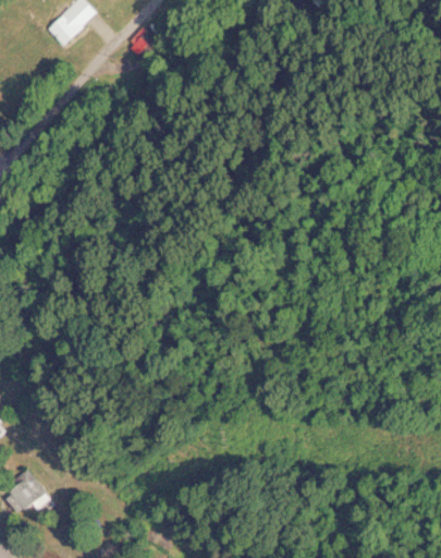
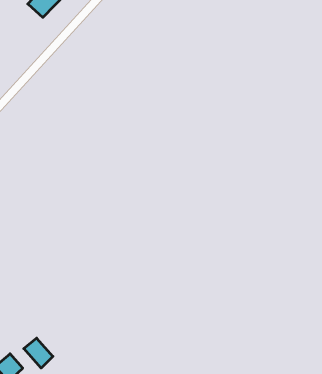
building: none -> [24,338,53,368]

